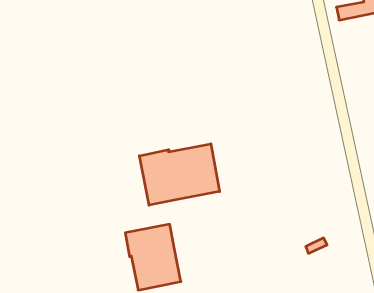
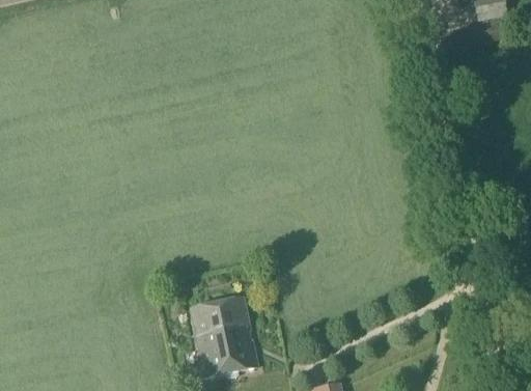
building: [139,144,220,205] -> none

